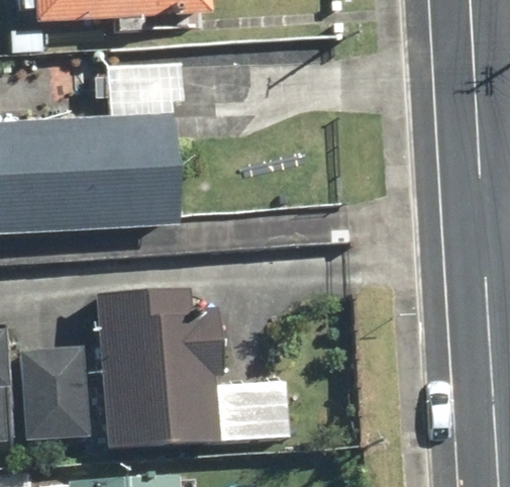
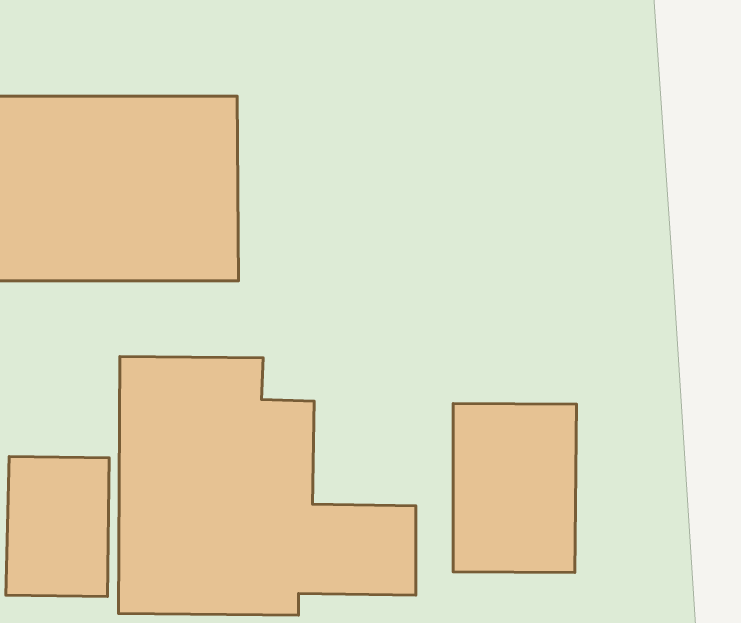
building: none -> [453,403,577,573]

